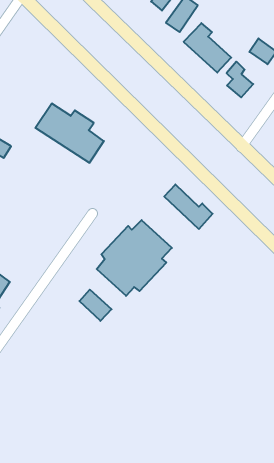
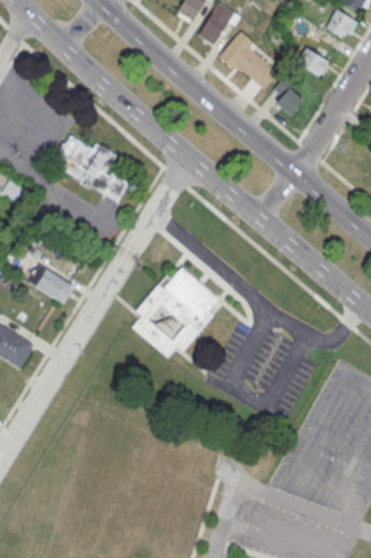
building: [164,184,213,229] -> none
building: none -> [32,266,73,302]
building: [79,290,112,321] -> none

